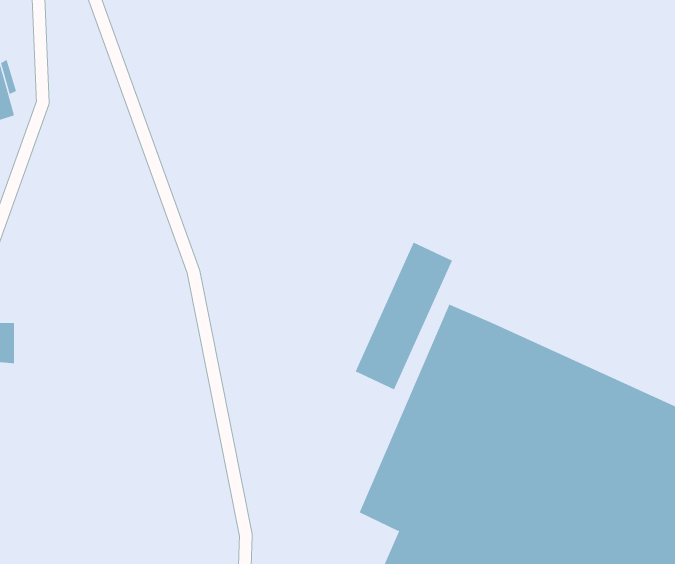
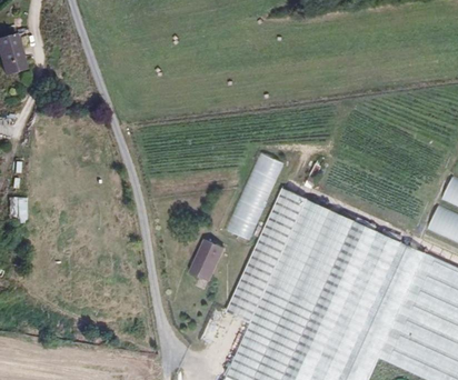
building: none -> [190,239,222,280]

